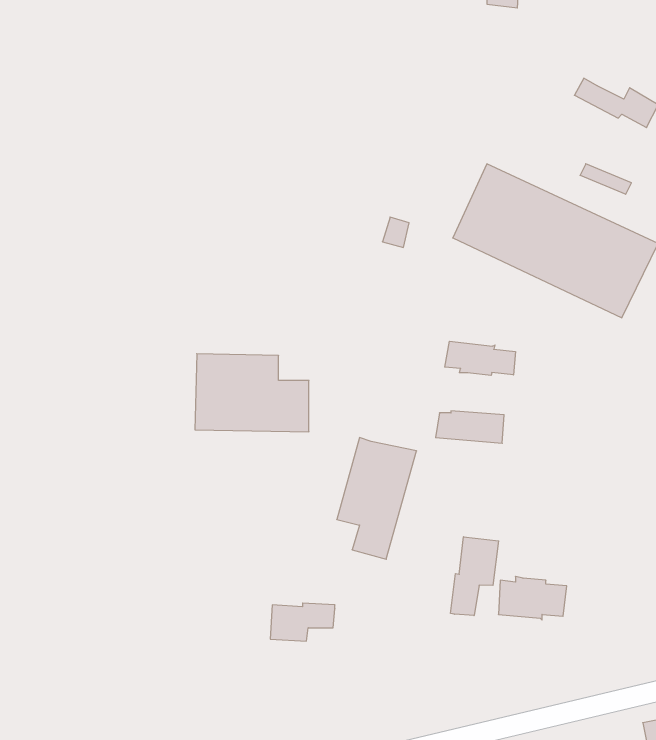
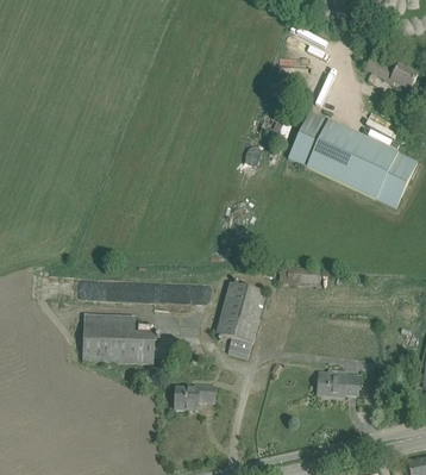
building: [445,341,515,375] -> none
building: [195,354,309,432] -> [83,313,155,362]
building: [451,537,499,616] -> none

